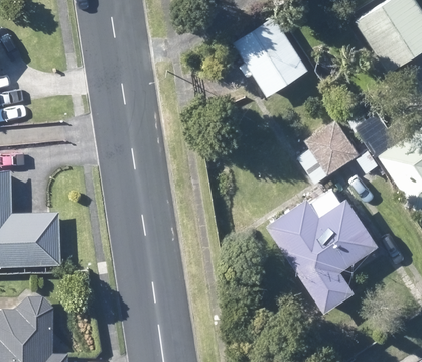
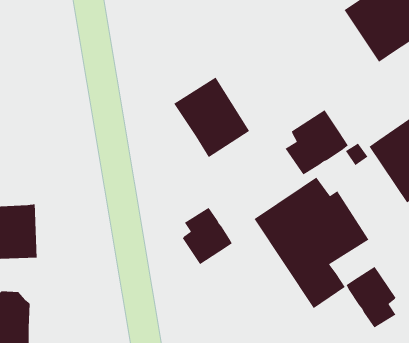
building: [233,18,307,98] -> [173,76,250,158]
building: none -> [182,207,233,265]
building: none -> [346,266,397,328]

